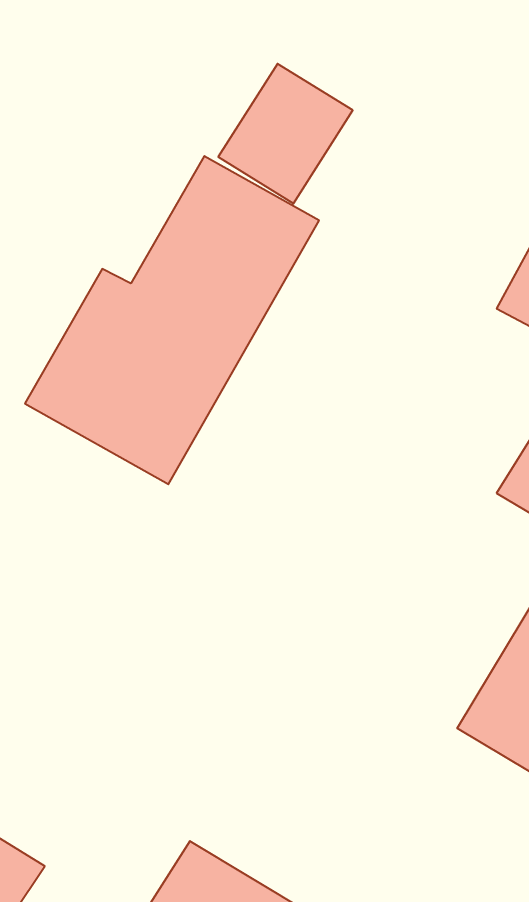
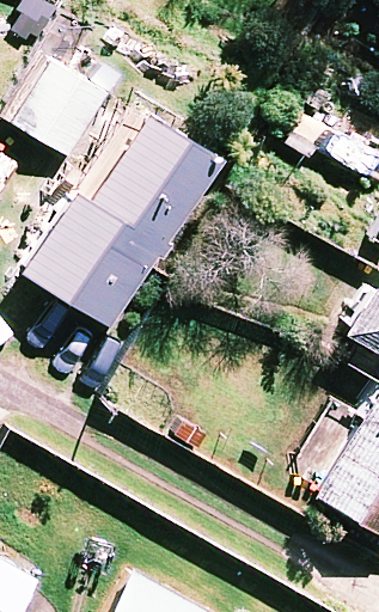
building: [218,64,353,204] -> [22,65,111,158]

